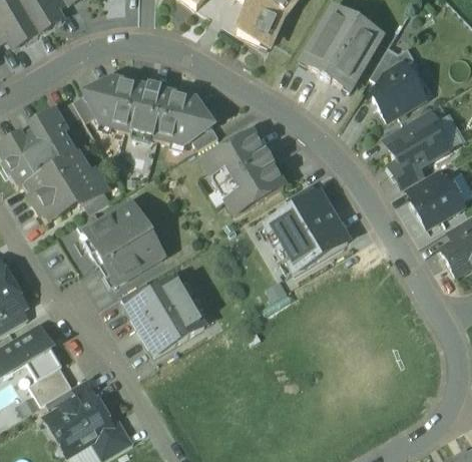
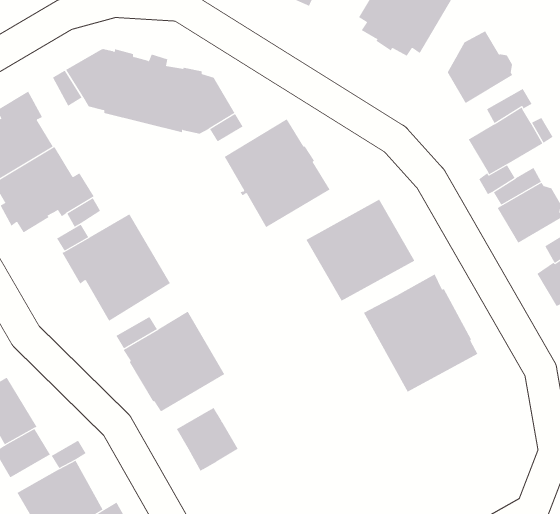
building: [370,46,414,83] -> none
building: none -> [363,273,478,393]
building: none -> [176,407,238,472]

